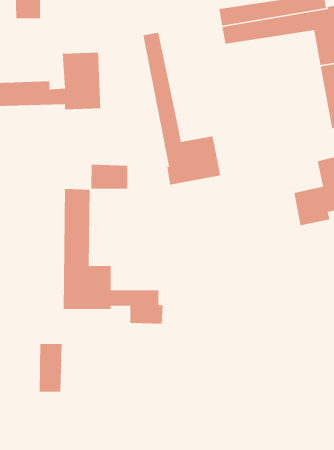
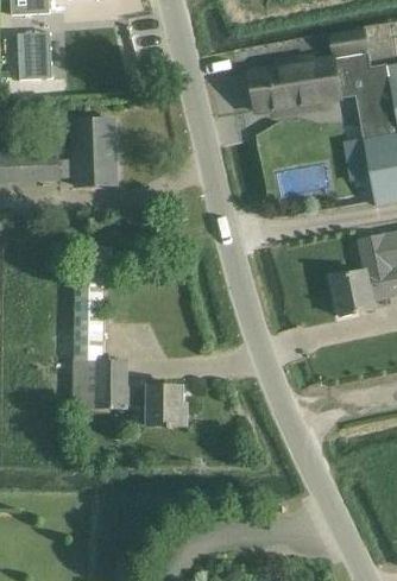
building: [143,32,221,185] -> none
building: [90,164,128,190] -> none
building: [39,343,63,392] -> none

